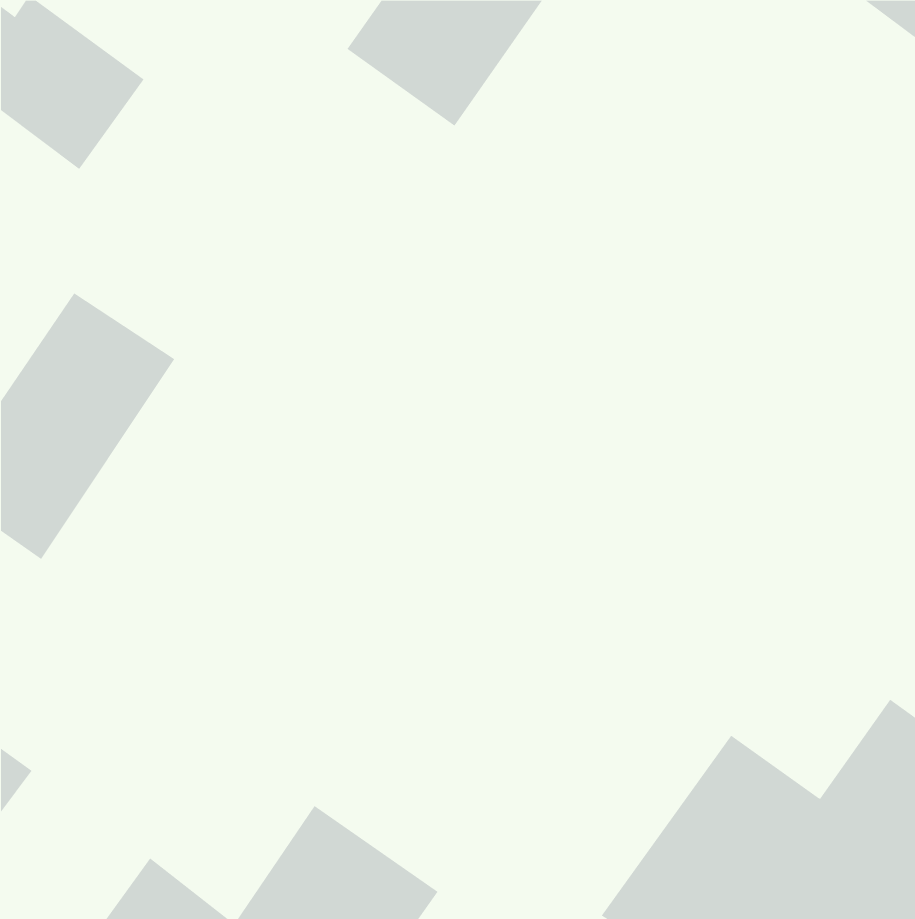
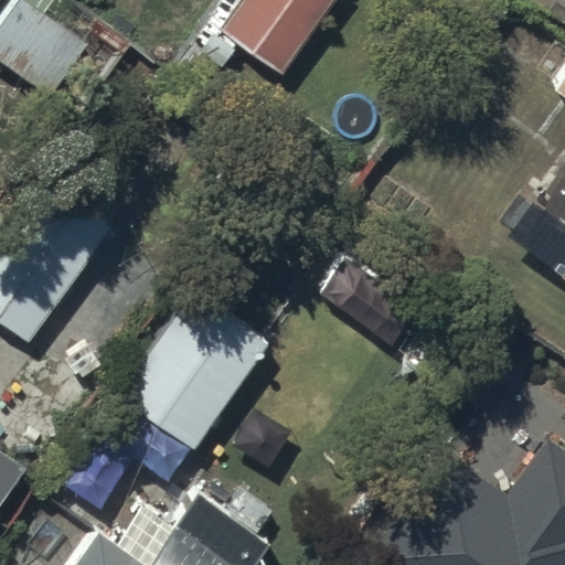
building: none -> [120,294,268,454]

